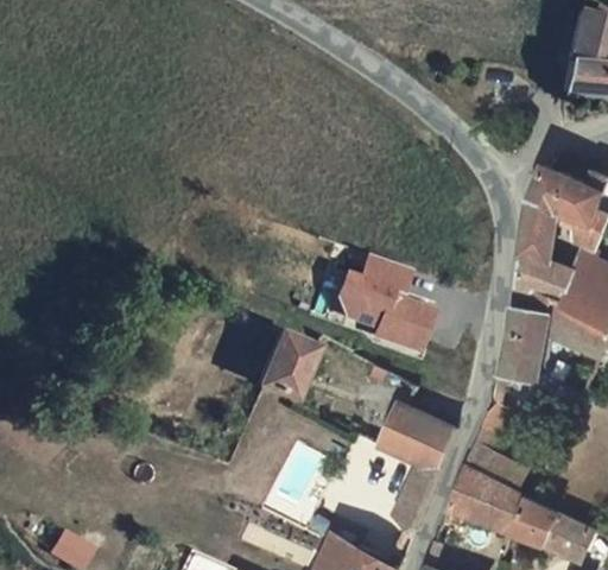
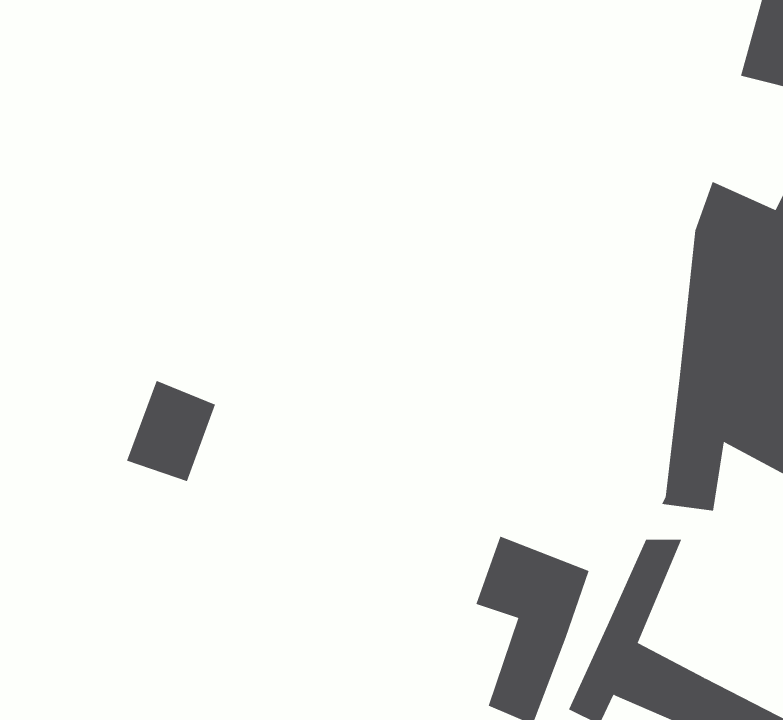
building: [335,251,443,349] -> none
building: [252,332,312,401] -> [126,380,216,482]

